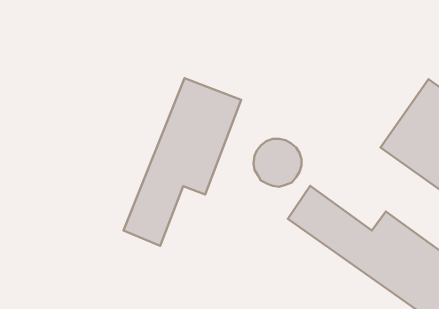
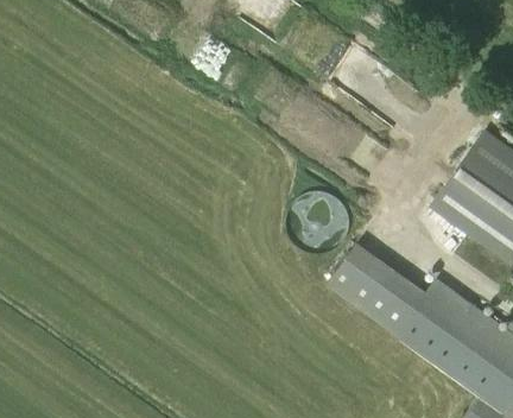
building: [123,78,241,246] -> none

